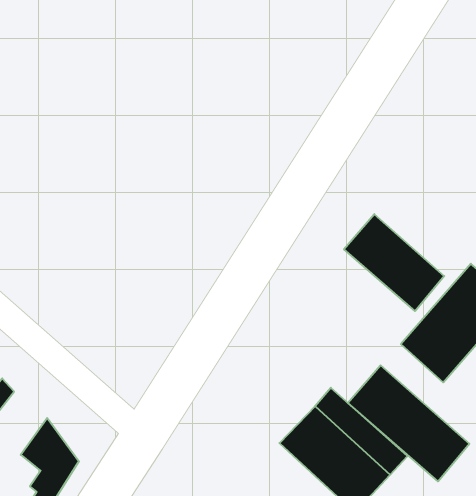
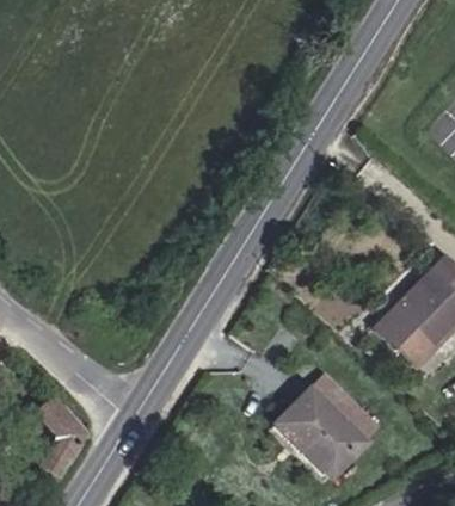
building: [344,214,444,311] -> none
building: [348,365,469,481] -> none

